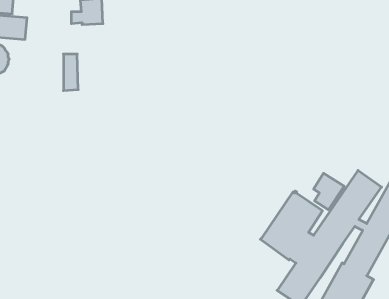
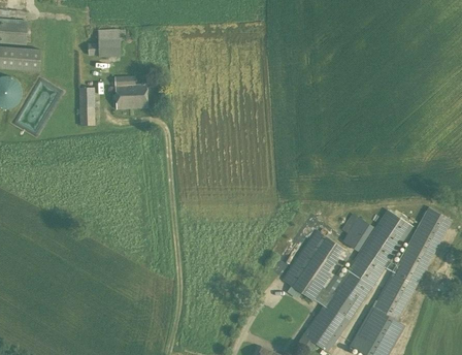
building: none -> [113,75,146,108]

